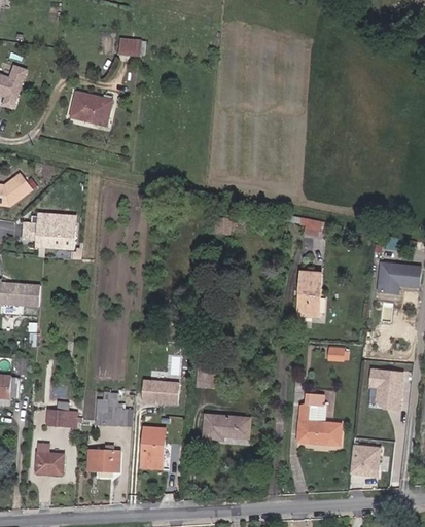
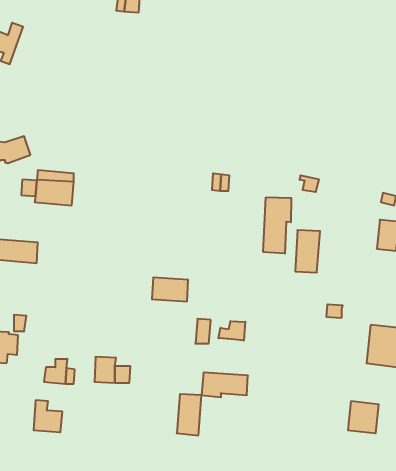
building: [70,92,111,125] -> none
building: none -> [263,197,291,254]
building: none -> [218,321,245,341]
building: [142,380,178,403] -> [152,278,188,301]
building: [297,394,341,444] -> none
building: [140,427,165,468] -> [177,394,202,435]
building: [87,450,119,470] -> none

